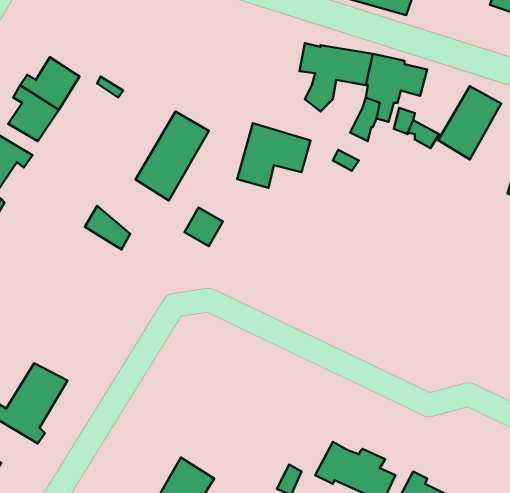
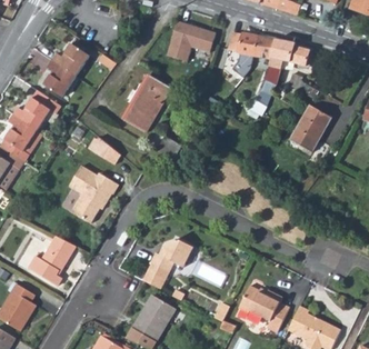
building: [438,86,501,160] -> [290,106,330,152]
building: [237,123,310,188] -> [166,21,212,62]
building: none -> [70,163,120,220]
building: none -> [143,237,196,288]

